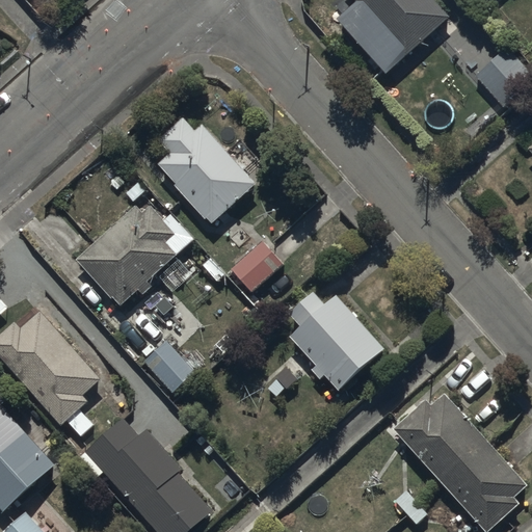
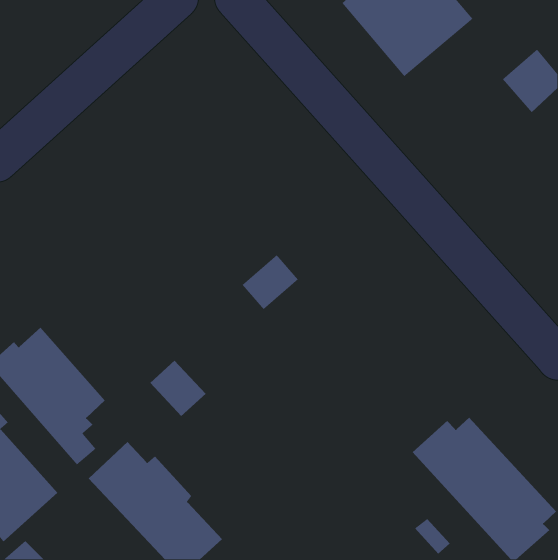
building: [156,116,256,225] -> none
building: [75,205,192,318] -> none
building: [289,293,384,392] -> none

